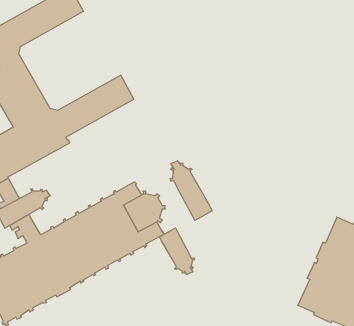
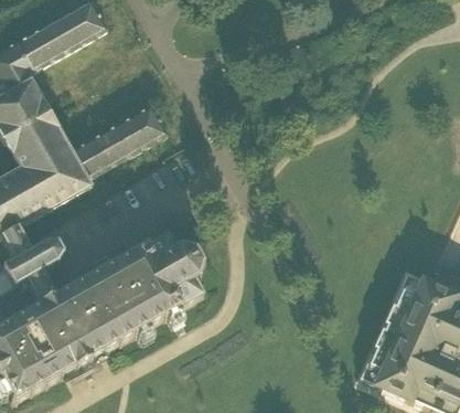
building: [170,161,212,220] -> none
building: [159,228,194,275] -> none

